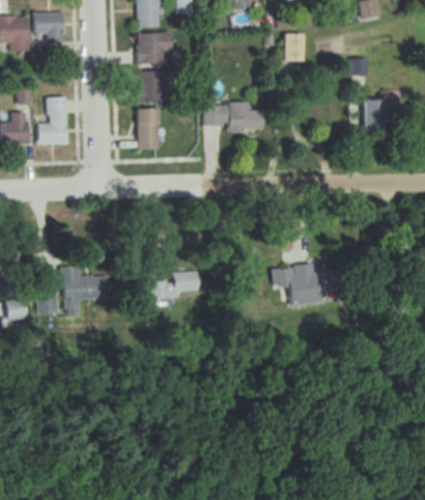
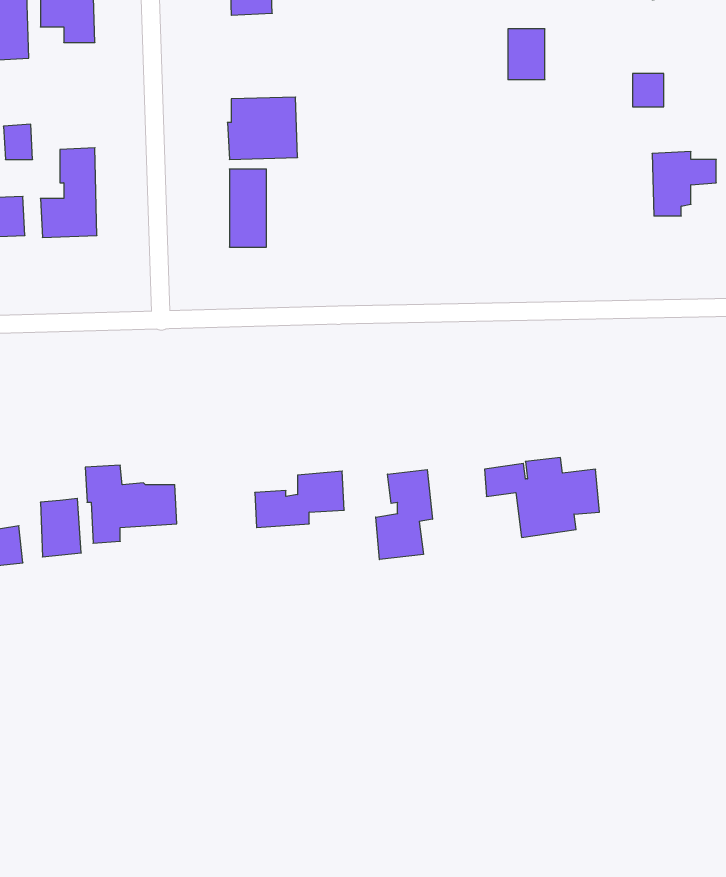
building: [135,32,172,65] -> none
building: [205,103,263,131] -> none
building: none -> [376,470,432,560]

